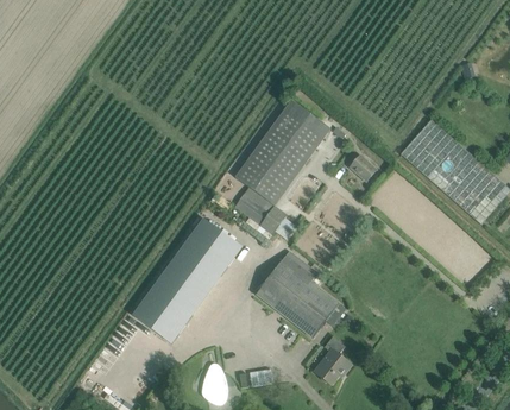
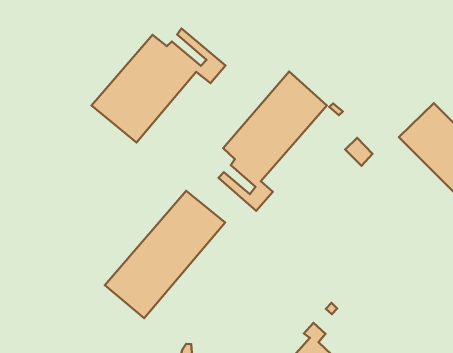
building: none -> [92,29,225,142]
building: [256,251,345,338] -> none

